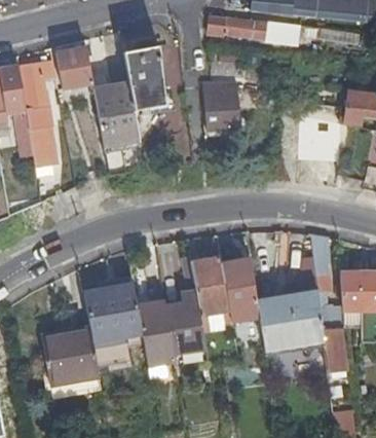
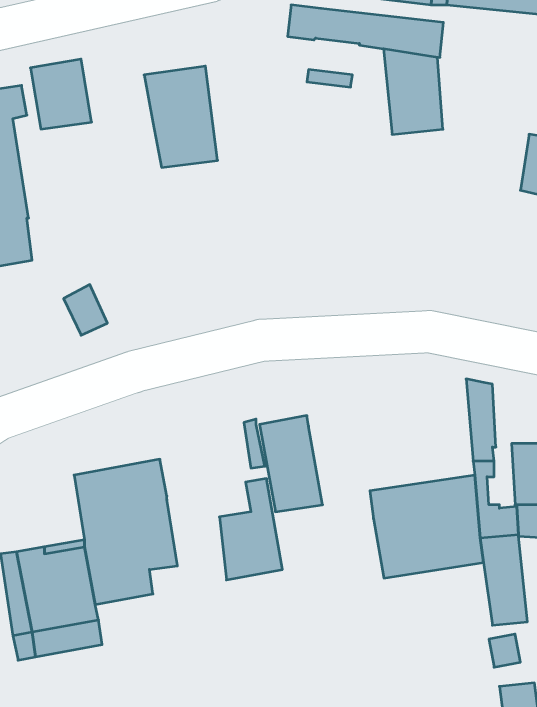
building: [202,78,237,129] -> [383,49,443,134]
building: [93,82,140,146] -> none
building: [220,256,258,320] -> none
building: [137,302,174,364] -> none

